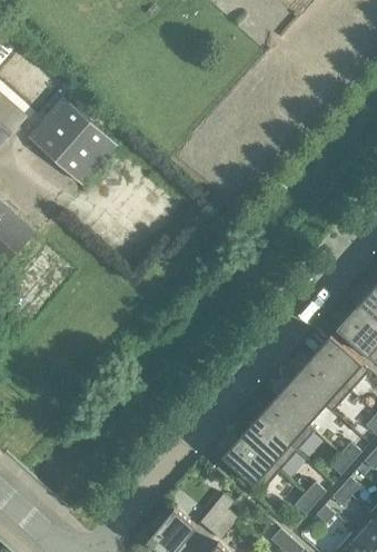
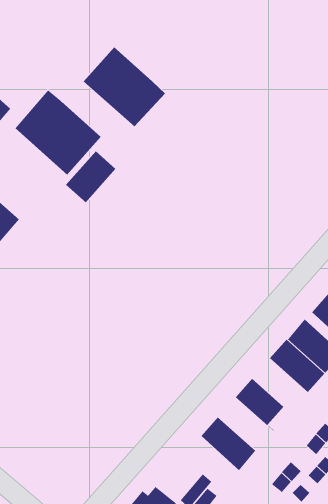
building: none -> [83,47,166,127]
building: none -> [65,151,116,203]
building: [275,375,333,425] -> none
building: [239,415,297,471] -> none

